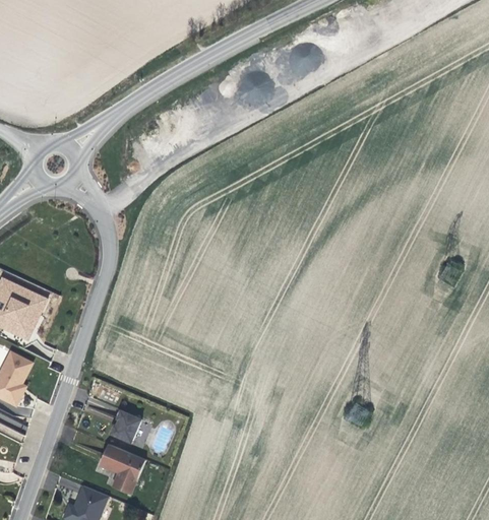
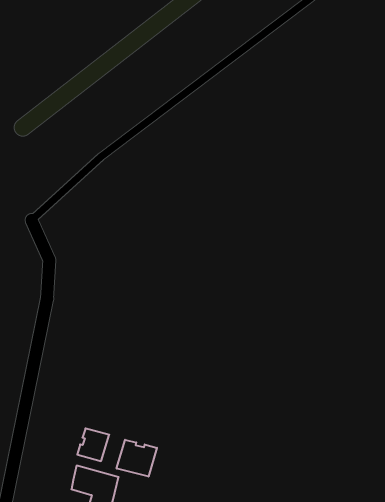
building: none -> [117,440,157,477]

